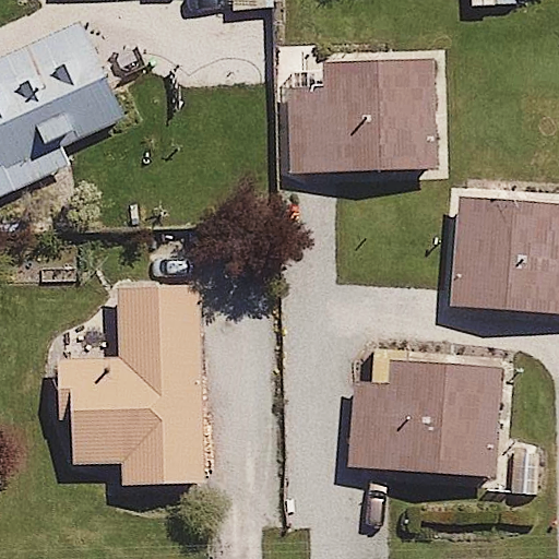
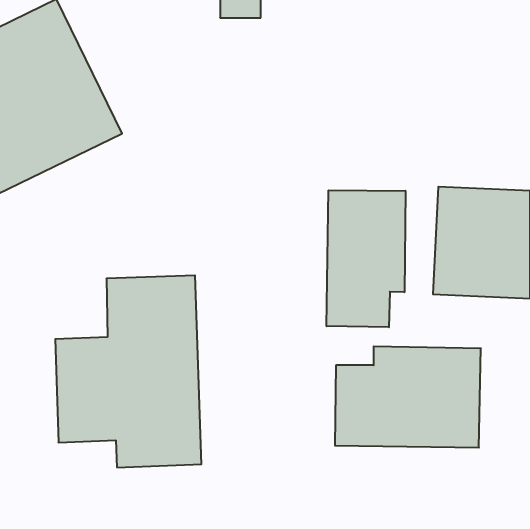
building: [282,56,438,174] -> none
building: none -> [327,190,405,327]

